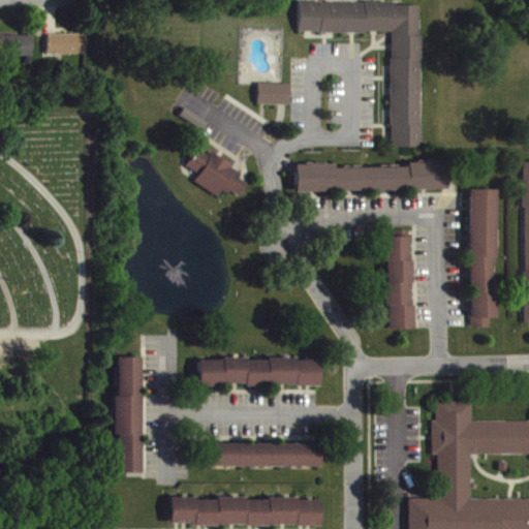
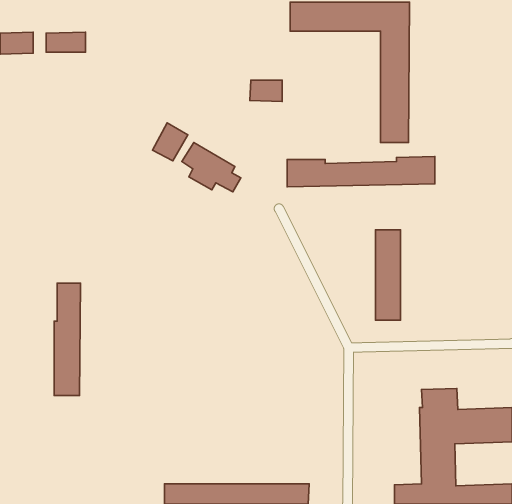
building: none -> [152,123,188,161]
building: [471,189,499,329] -> none
building: [115,356,142,472] -> [54,283,80,396]
building: [197,359,318,385] -> none
building: [204,443,317,467] -> none

